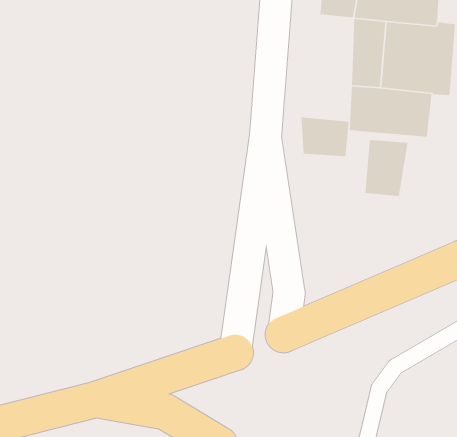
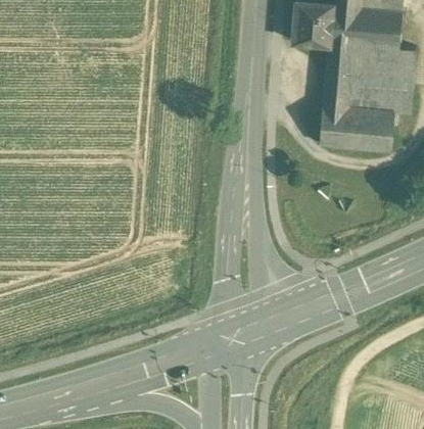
building: [301,116,349,157] -> none
building: [365,139,408,197] -> none

